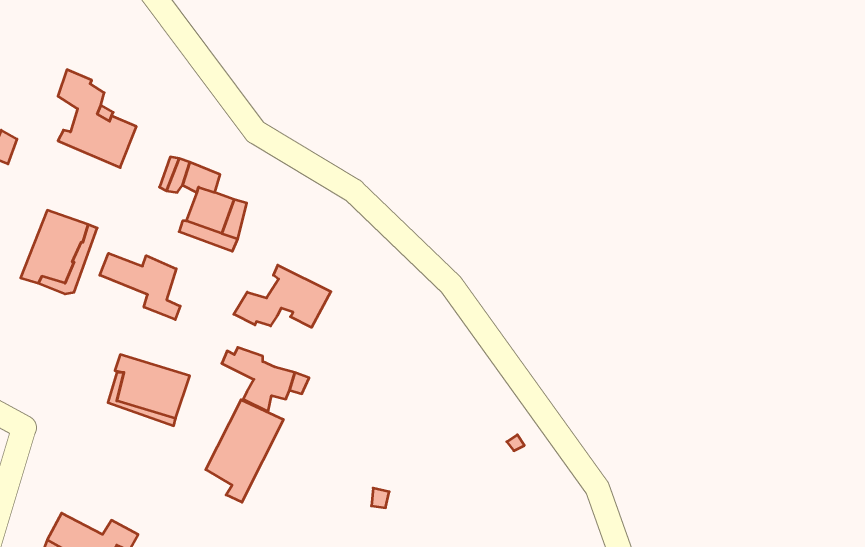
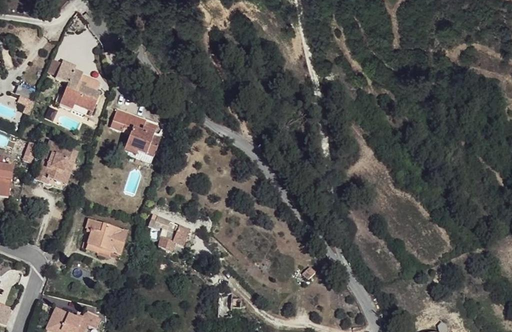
building: [100,253,180,320] -> none
building: [234,265,331,327] -> none
building: [206,400,283,502] -> none

